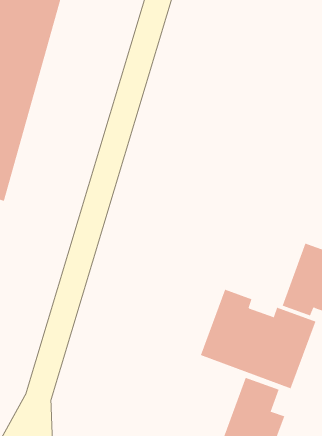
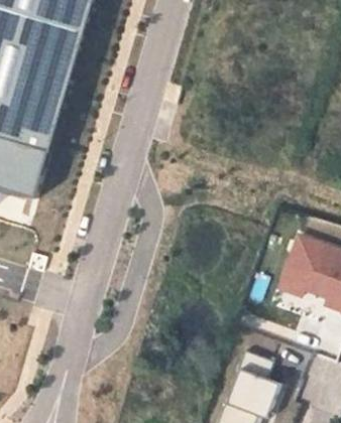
building: [200,289,316,389] -> none

